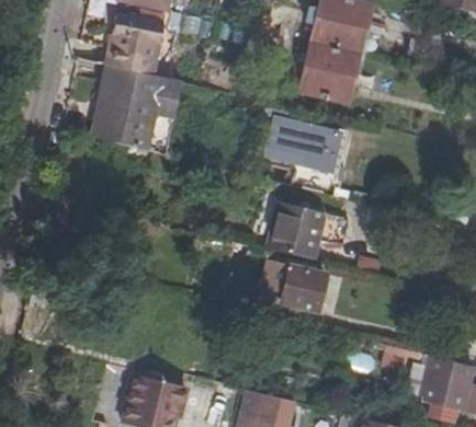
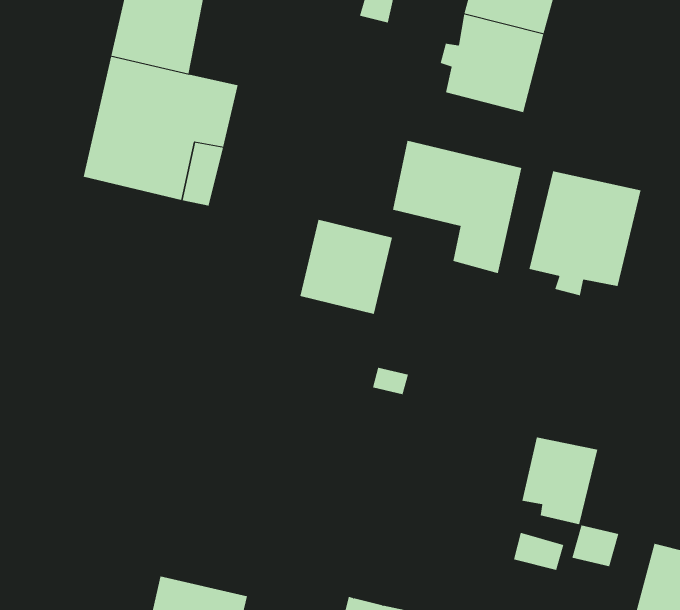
building: none -> [529,170,641,296]
building: [272,204,328,261] -> [300,219,393,315]
building: [284,265,330,318] -> [521,437,598,525]

